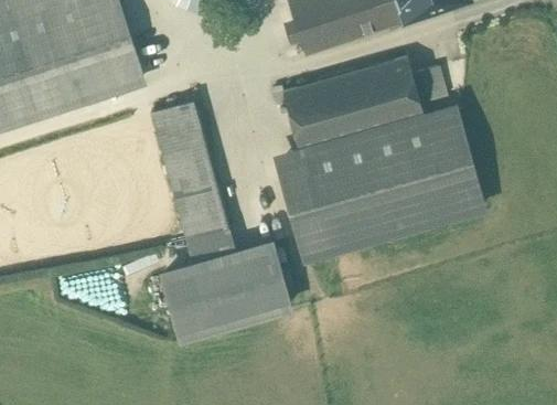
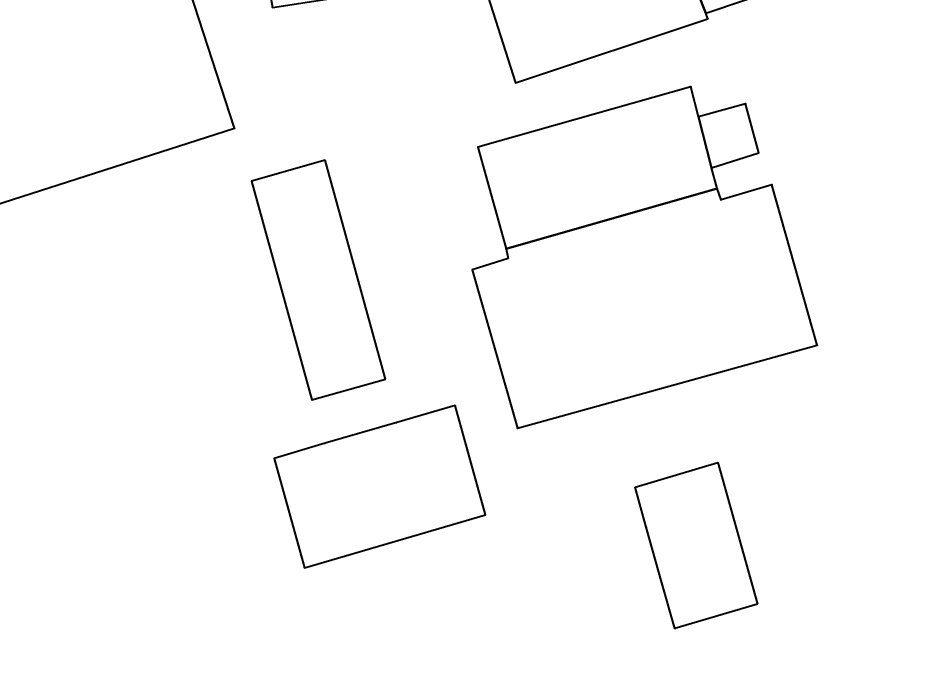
building: [186,227,236,265] -> none
building: none -> [635,463,757,629]

